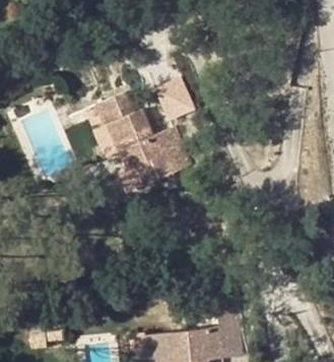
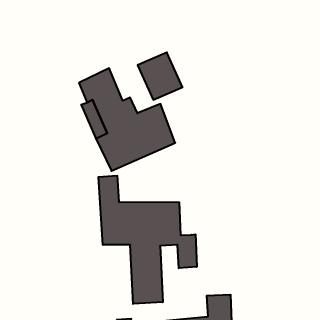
building: none -> [98,176,197,304]

